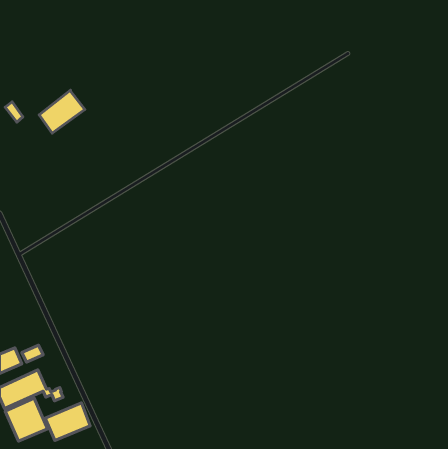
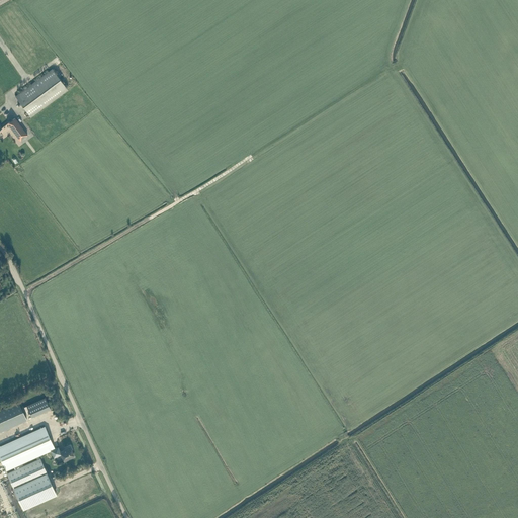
building: [39,90,85,133] -> [14,68,67,117]
building: [45,403,90,441] -> none

